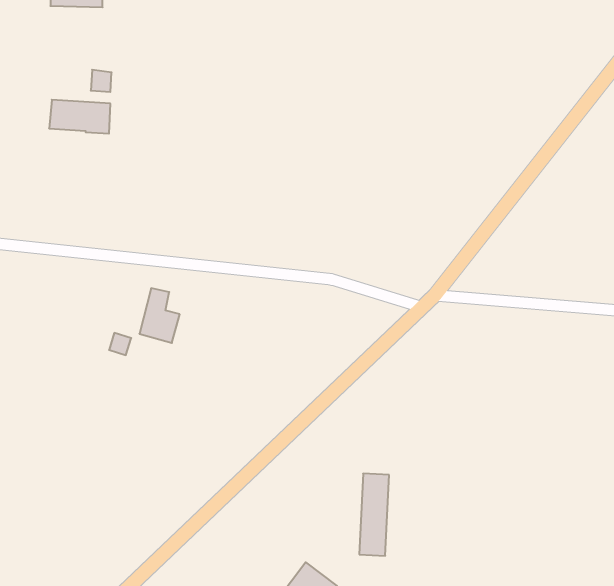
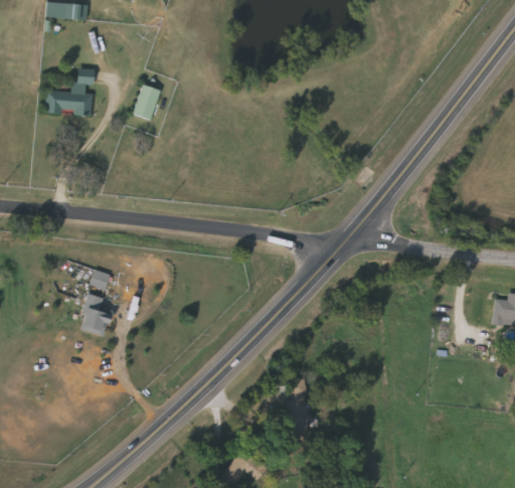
building: none -> [133,83,161,120]
building: [139,288,180,343] -> [79,294,111,336]

